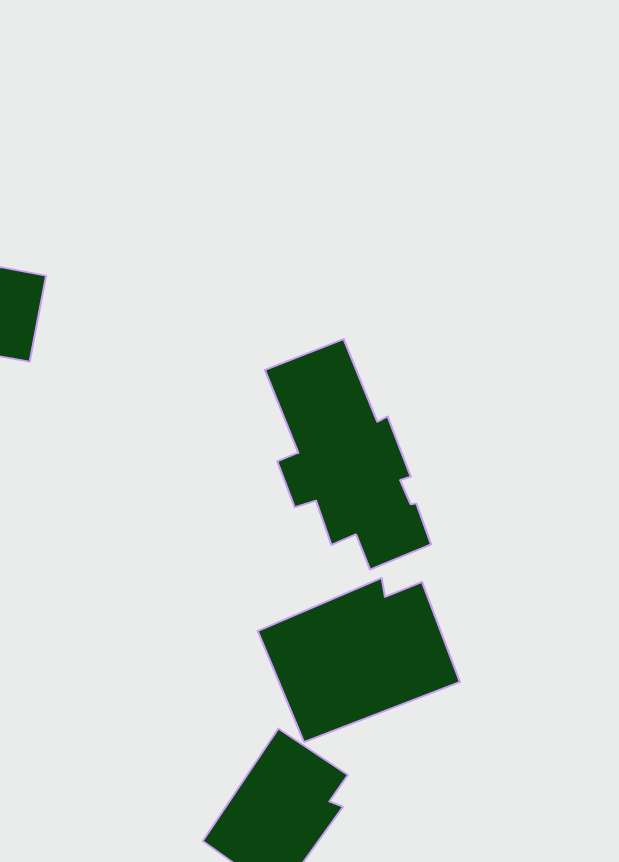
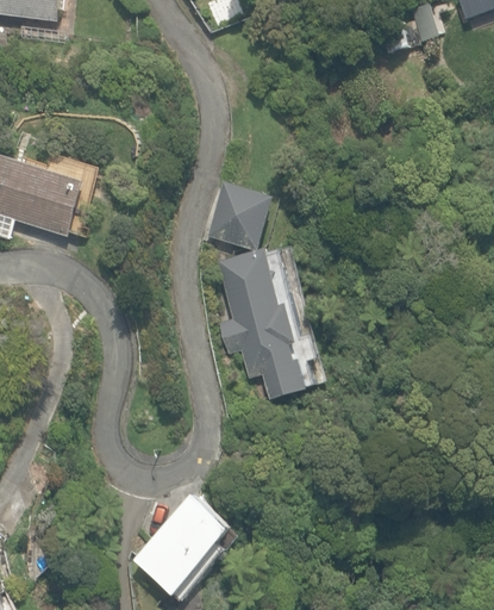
building: none -> [205,181,274,250]
building: [258,578,460,742] -> none

